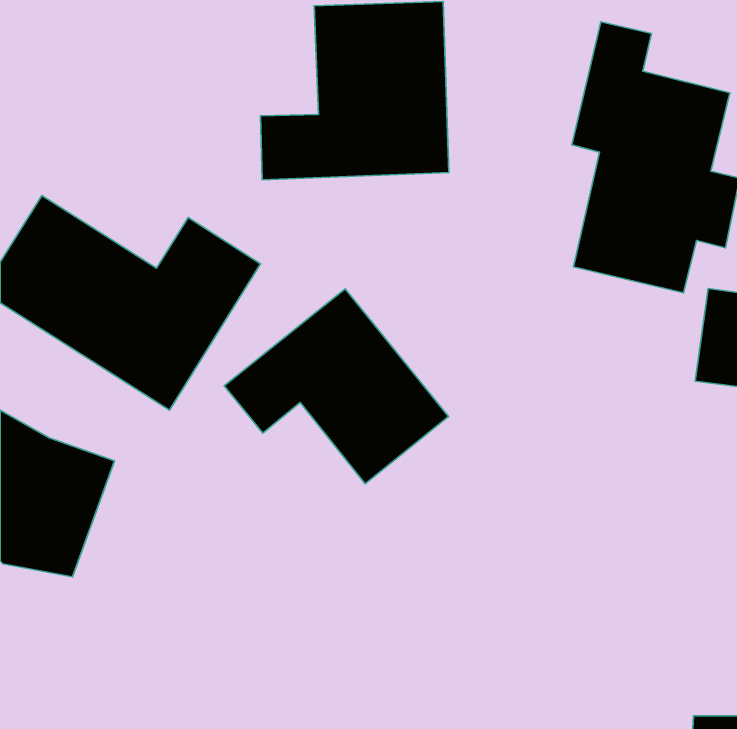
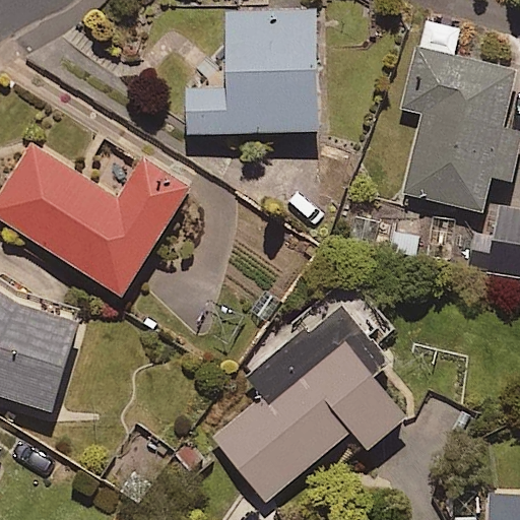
building: [224,289,448,484] -> none
building: none -> [210,302,405,501]

